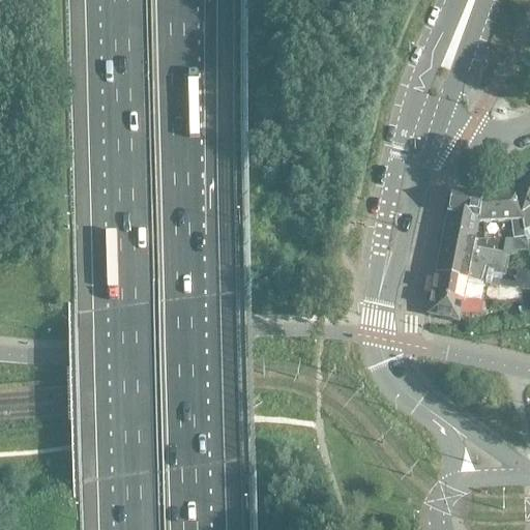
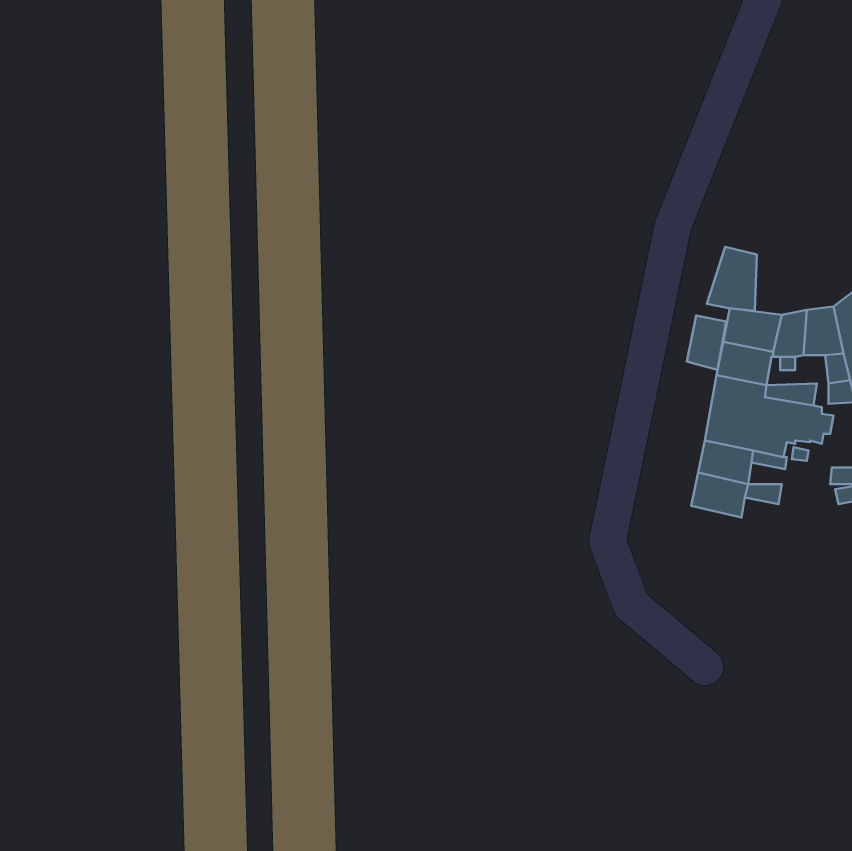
building: none -> [707,247,757,311]
building: none -> [687,315,726,370]

